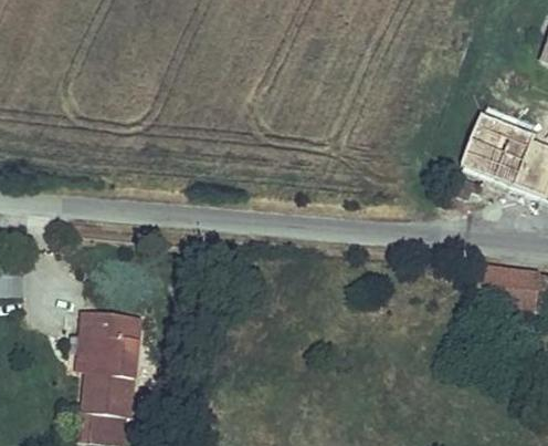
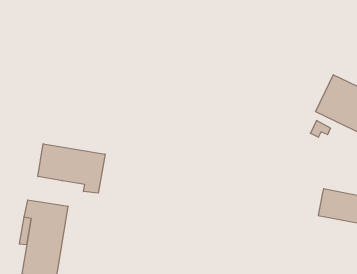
building: none -> [38,144,105,193]

